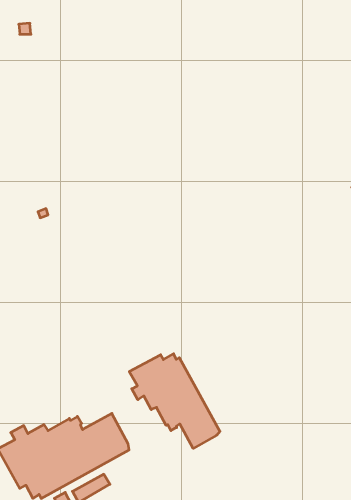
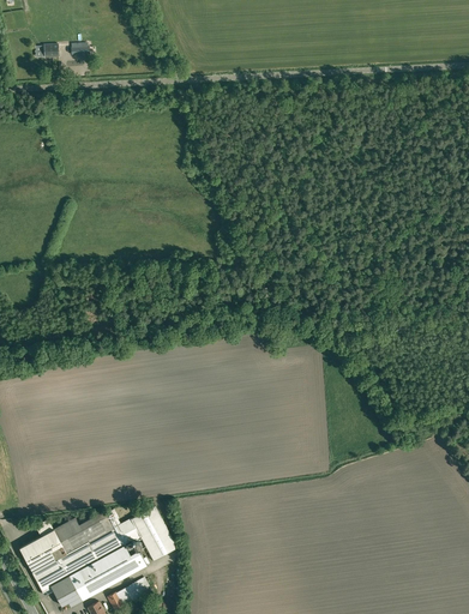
building: [129,354,220,448] -> none

